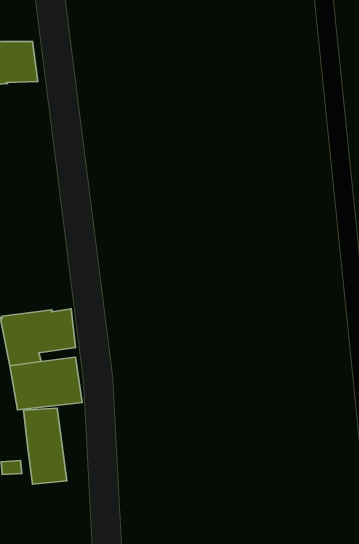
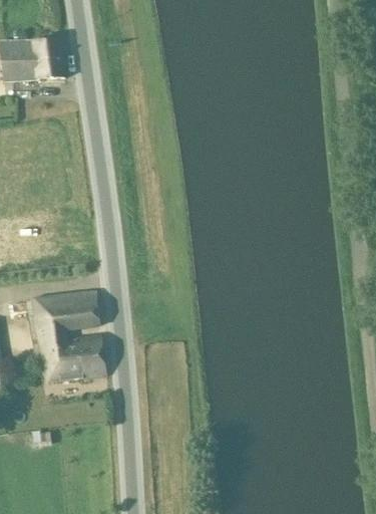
building: [24,408,67,484] -> none

